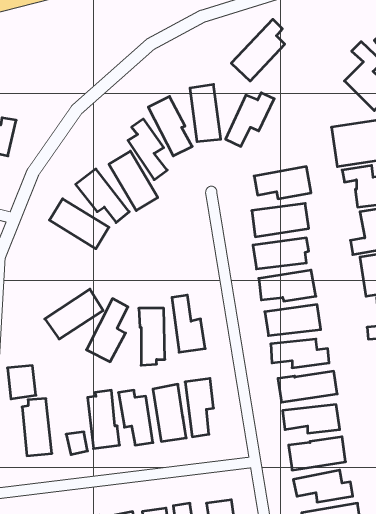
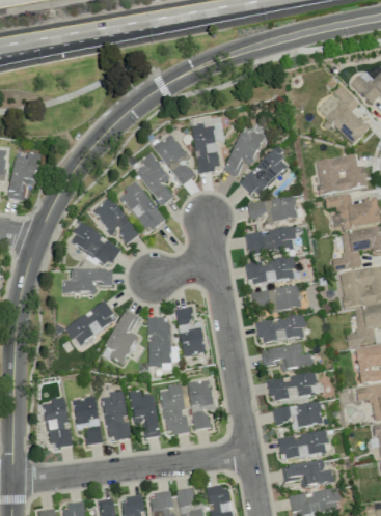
building: [231,19,285,81] -> [241,144,288,198]
building: none -> [65,269,113,293]
building: [7,366,36,399] -> [74,396,99,425]

